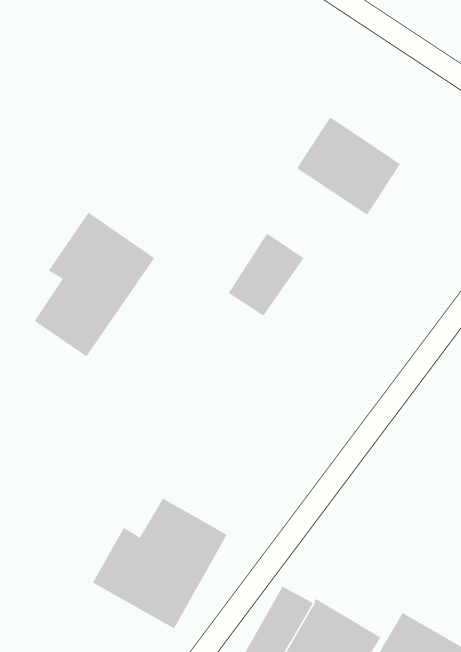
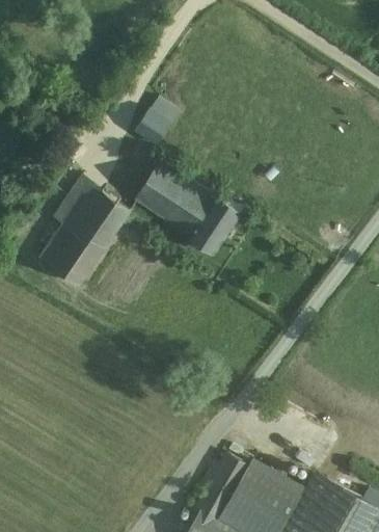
building: none -> [135,98,181,148]
building: [296,117,401,216] -> [136,159,214,233]
building: [92,498,227,629] -> none

